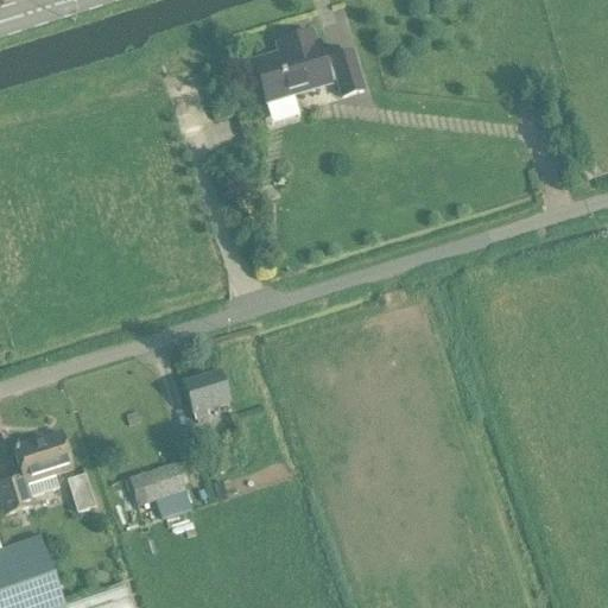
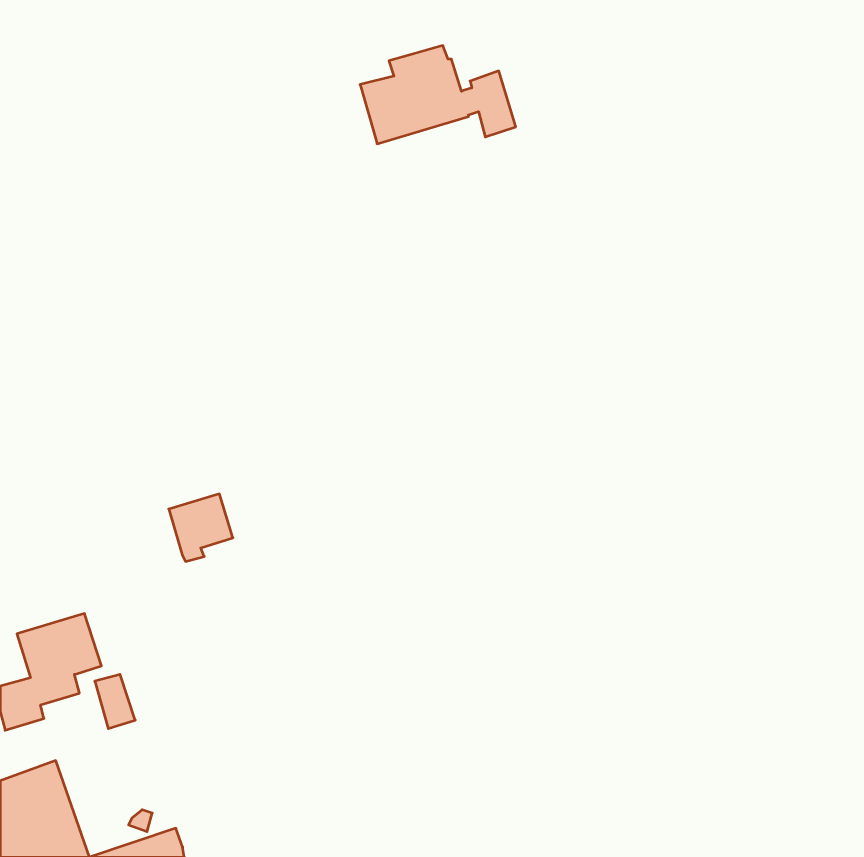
building: [183,370,228,418] -> [169,494,233,561]
building: [128,463,190,517] -> none

